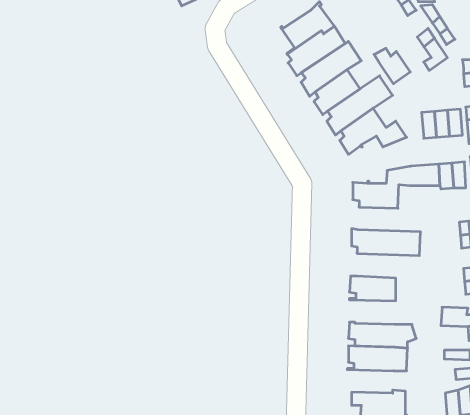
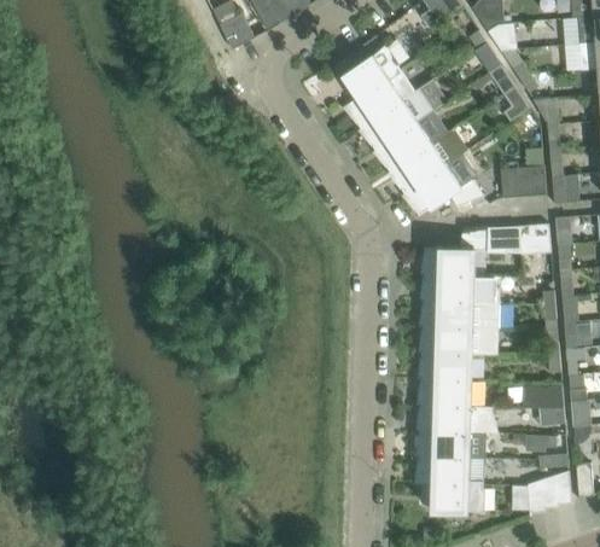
building: [374,48,410,84] -> none
building: none -> [423,273,501,302]
building: none -> [421,325,499,354]
building: none -> [420,378,472,406]
building: none -> [418,456,470,483]

